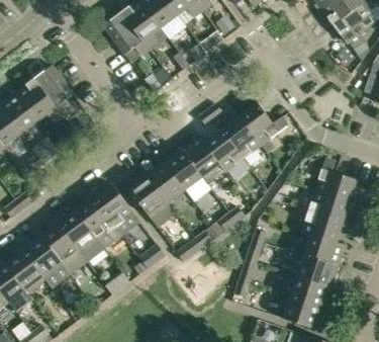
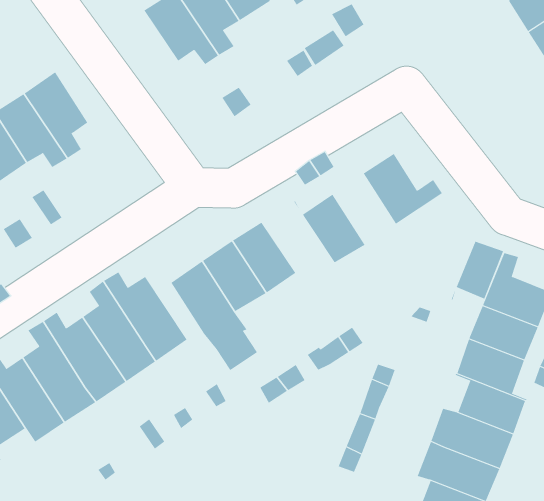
building: [222,115,261,158] -> none
building: [181,135,225,177] -> none
building: none -> [451,241,504,301]

